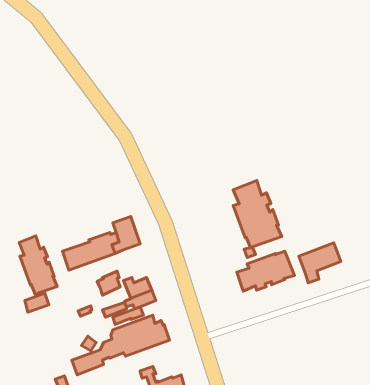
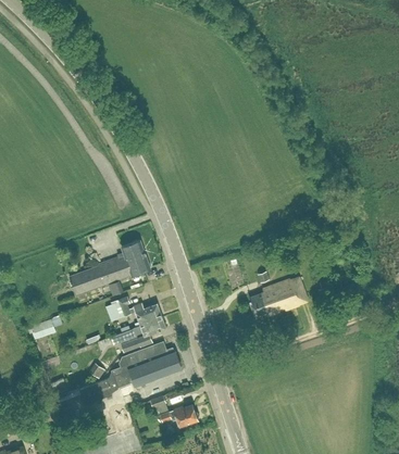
building: [233,181,282,248] -> none
building: [19,236,57,294] -> none
building: [299,243,341,283] -> none

